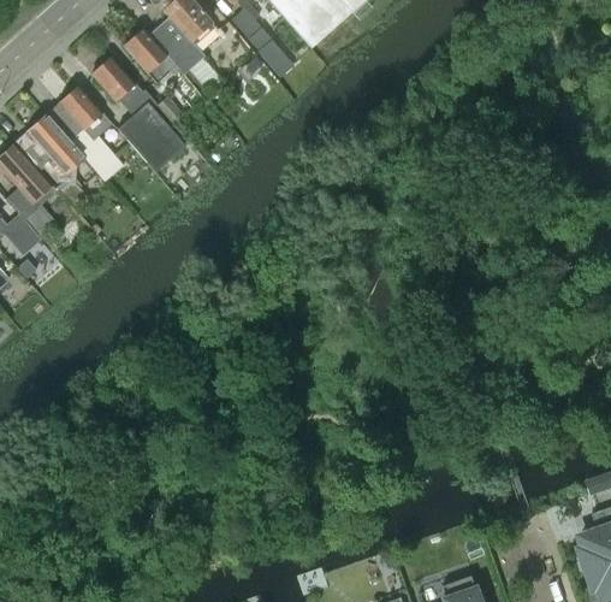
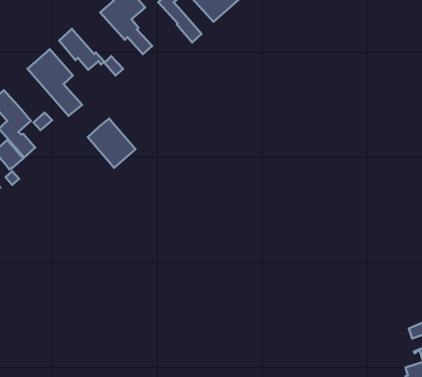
building: [124,28,184,83] -> none
building: [117,102,184,172] -> [88,118,136,168]
building: [13,113,83,181] -> none

